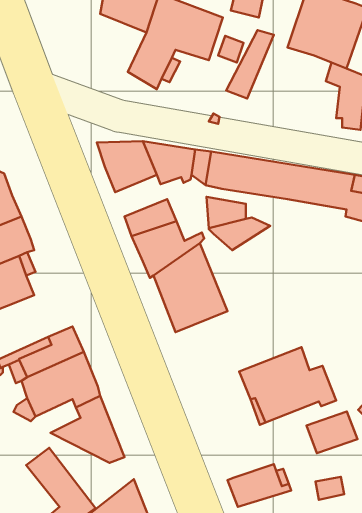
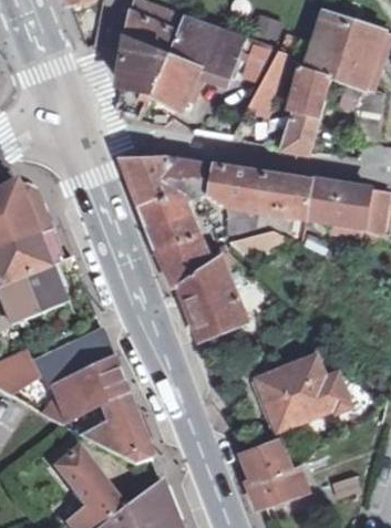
building: none -> [119,34,171,93]
building: none -> [282,64,331,153]
building: none -> [141,188,191,228]
building: [306,411,357,453] -> [244,438,292,478]

